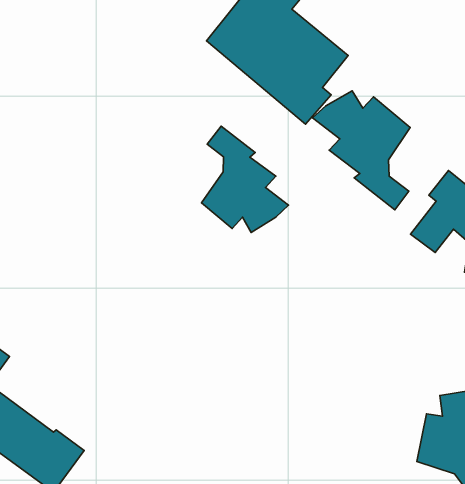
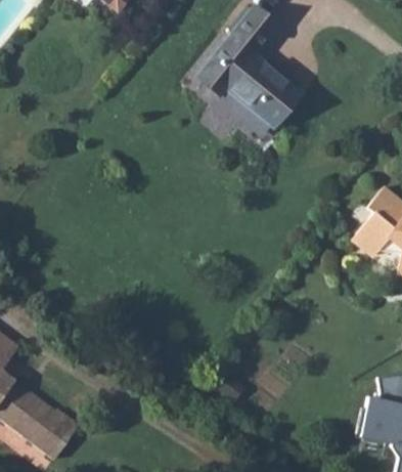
building: [312,91,410,210] -> none
building: [202,126,288,233] -> none

